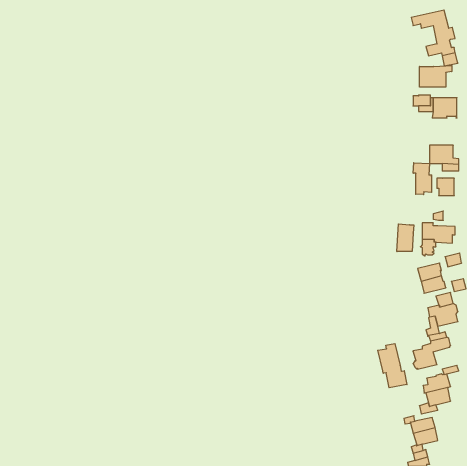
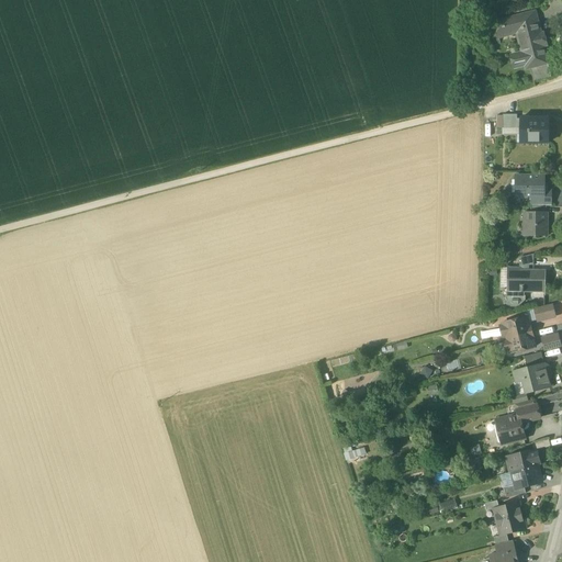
building: [420,65,452,87] -> none
building: [413,163,432,195] -> none
building: [397,224,414,252] -> none
building: [378,344,407,388] -> none

